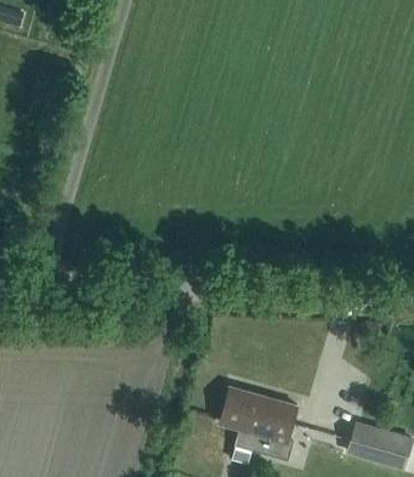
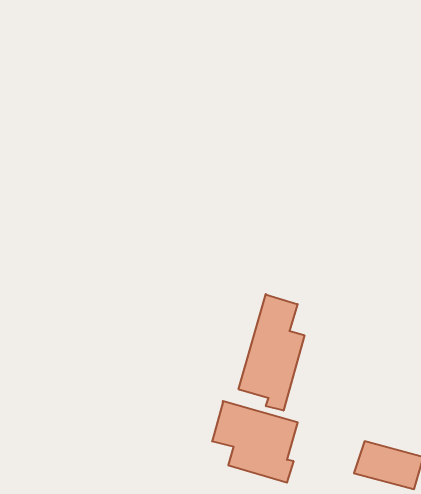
building: none -> [239,294,304,411]

